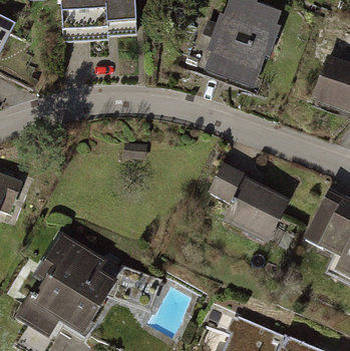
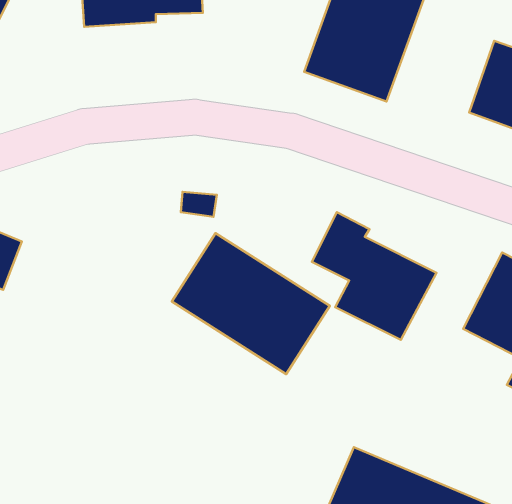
building: none -> [172,233,330,374]
building: [17,235,117,337] -> none

